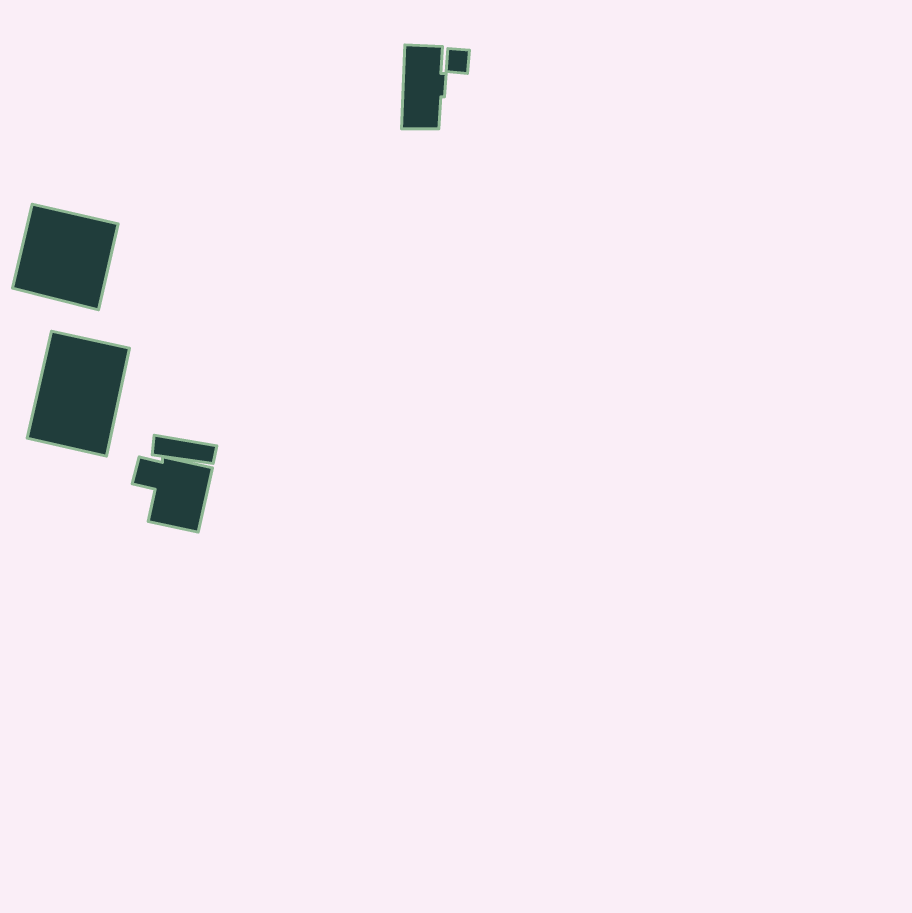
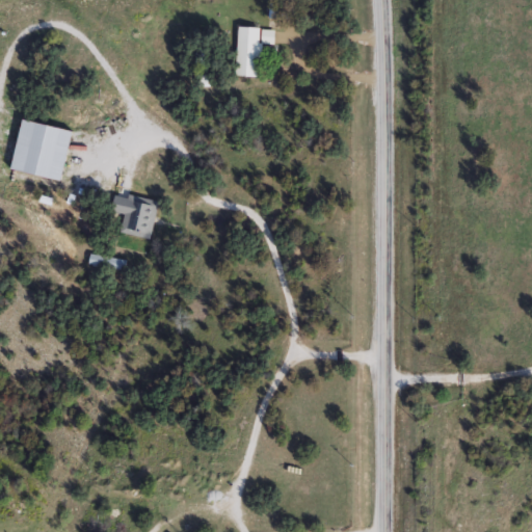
building: [27,331,129,456] -> none
building: [132,457,213,532] -> [111,194,158,238]

